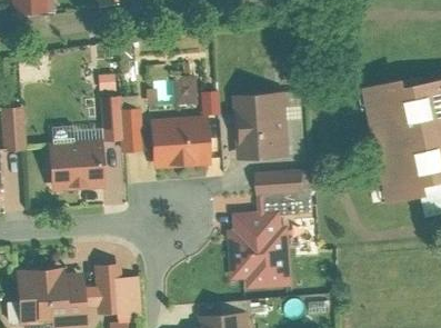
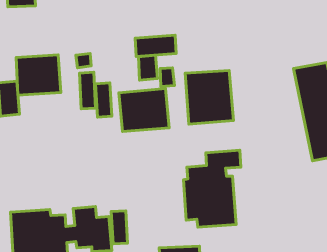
building: none -> [135,35,176,57]
building: [49,141,104,191] -> [16,55,61,95]
building: [257,168,305,196] -> none
building: none -> [111,211,128,244]

